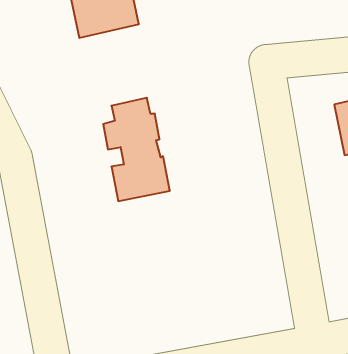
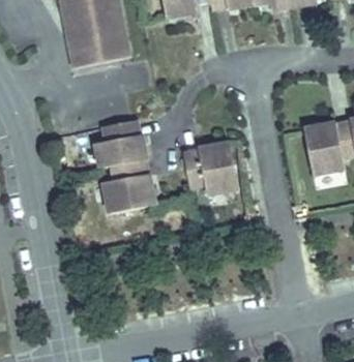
building: none -> [184,132,239,185]

